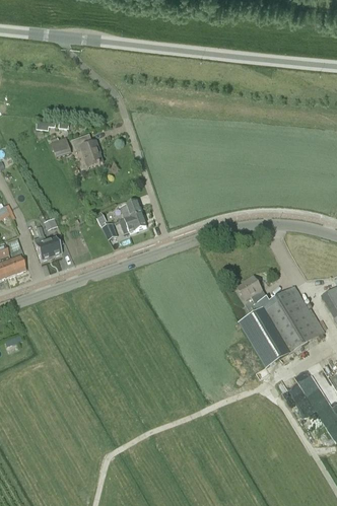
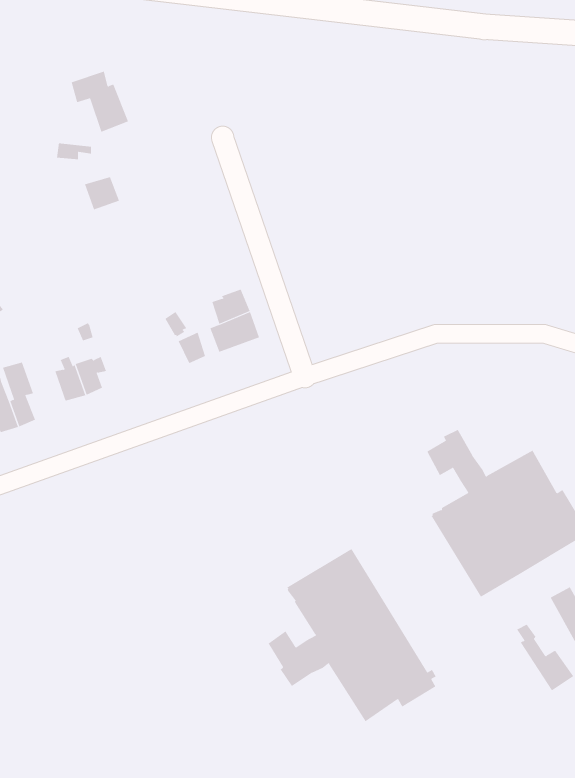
building: [71,134,103,167] -> [71,71,129,133]
building: none -> [268,548,437,722]

